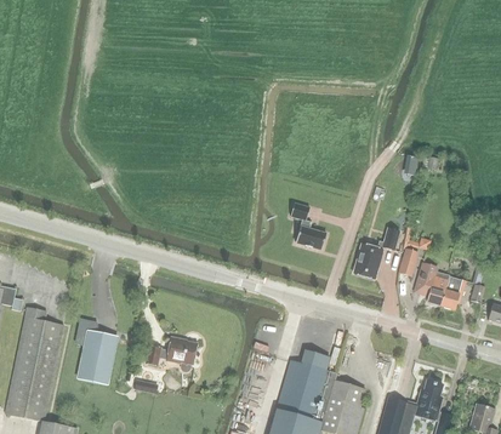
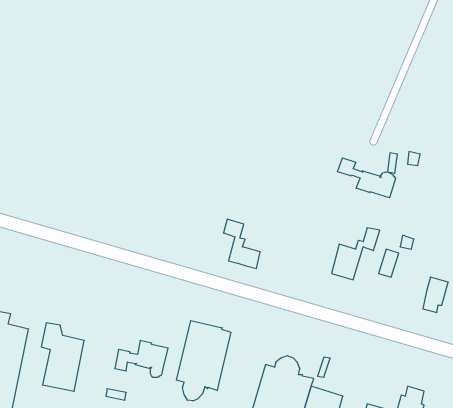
building: none -> [338,158,396,198]
building: [290,201,325,249] -> [223,219,260,268]
building: [414,263,448,305] -> none
building: none -> [177,321,231,401]

